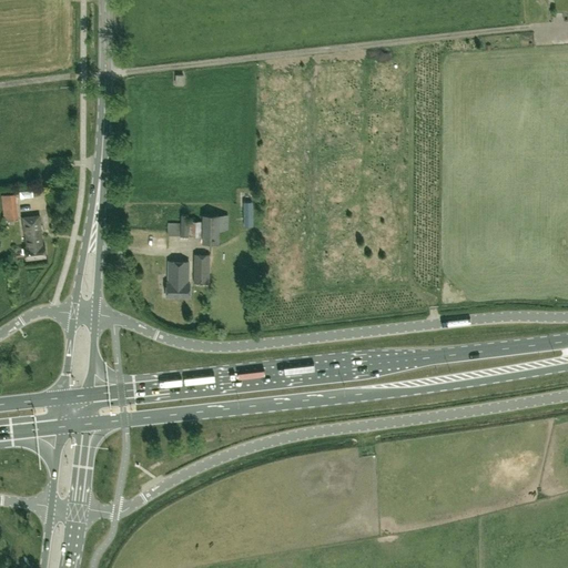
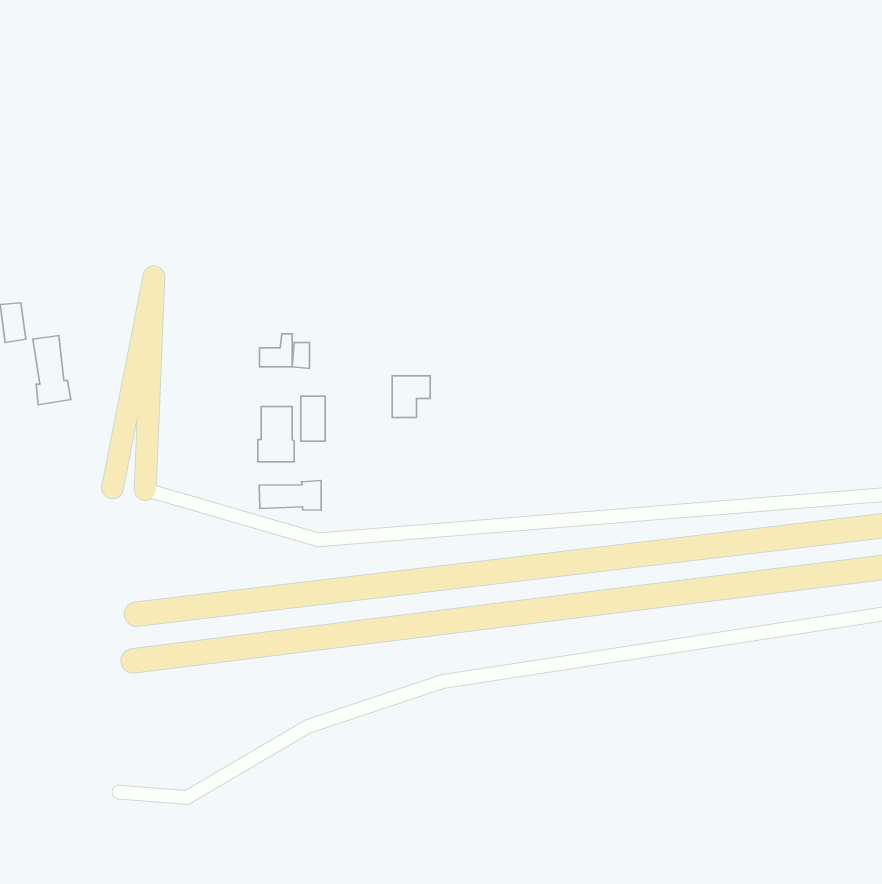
building: [202,215,226,242] -> [392,376,430,417]
building: none -> [259,481,321,510]

